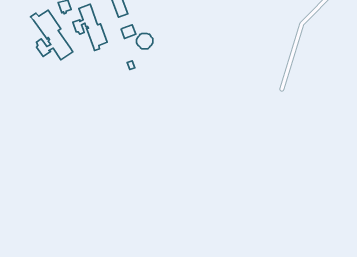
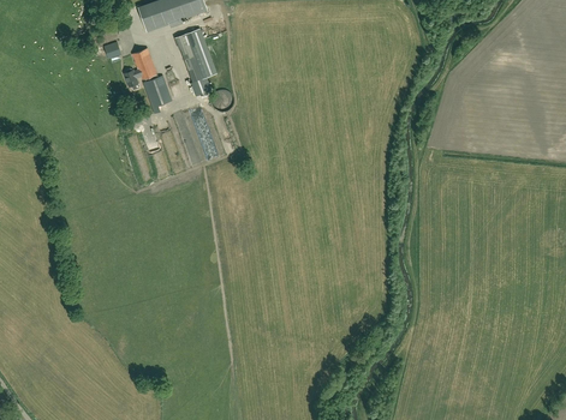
building: [31,10,73,60] -> none

